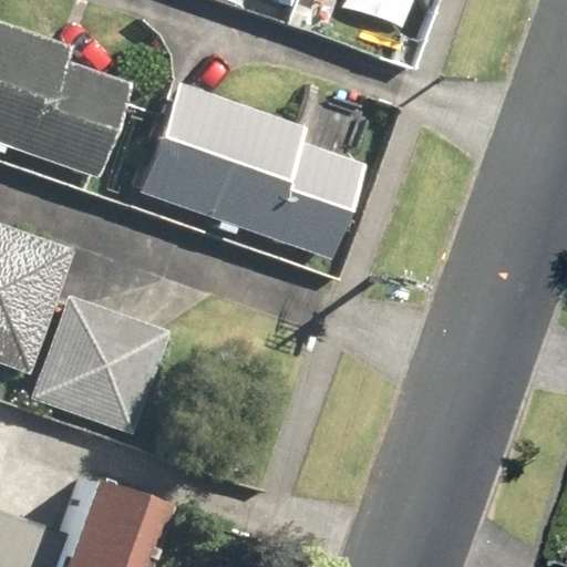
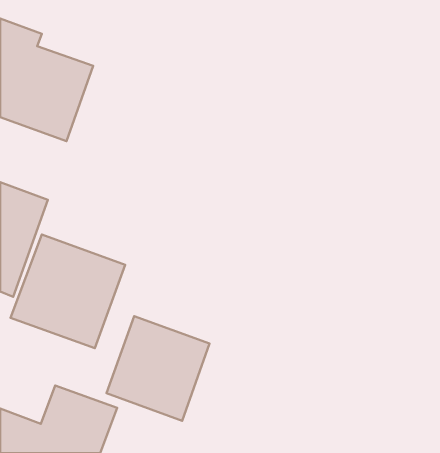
building: [136,87,363,266] -> none
building: none -> [107,316,209,421]

